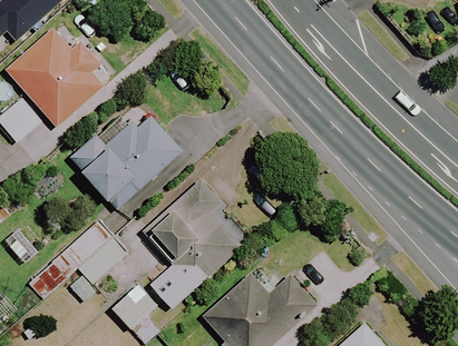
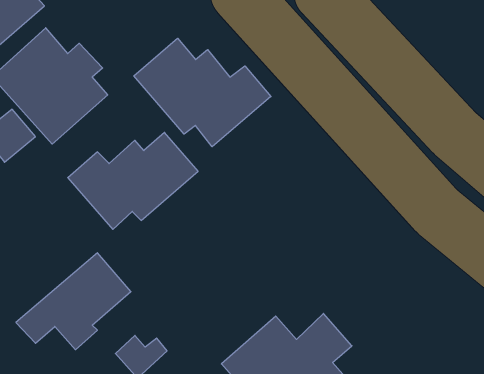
building: none -> [134,38,271,147]
building: [148,180,242,309] -> none

